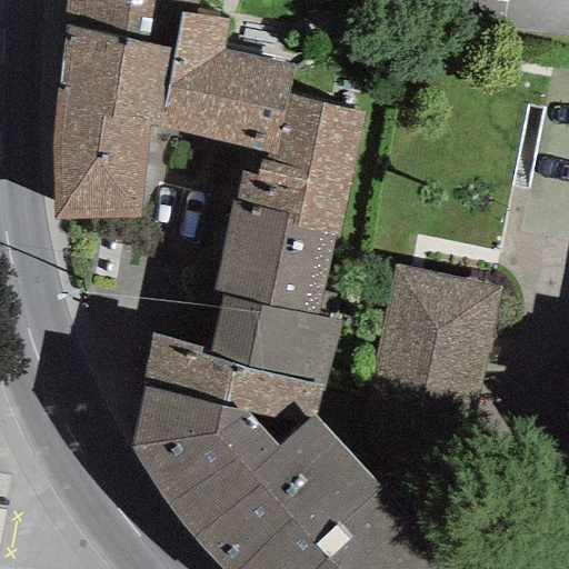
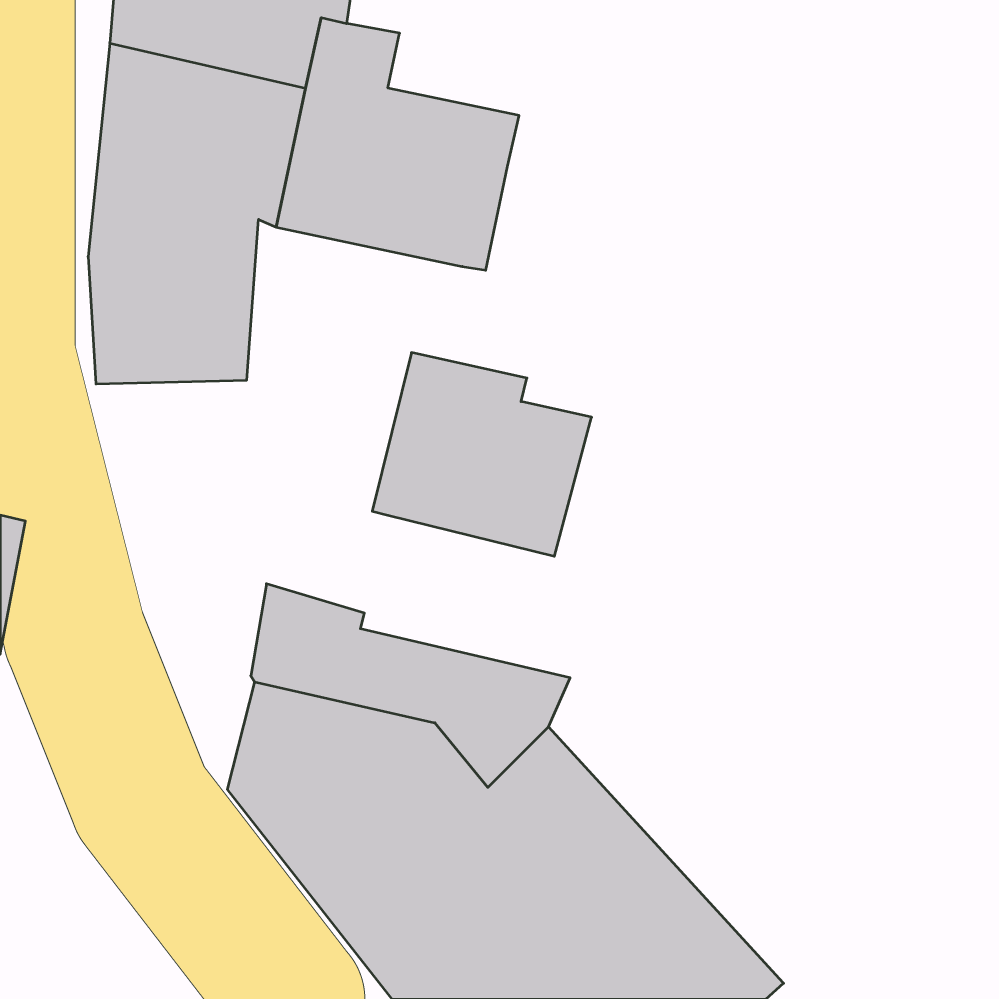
building: [234,94,366,237] -> none
building: [371,264,498,401] -> none
building: [206,292,339,385] -> none

